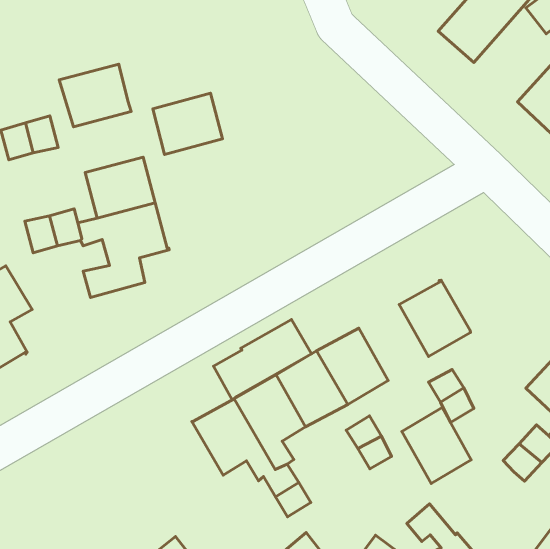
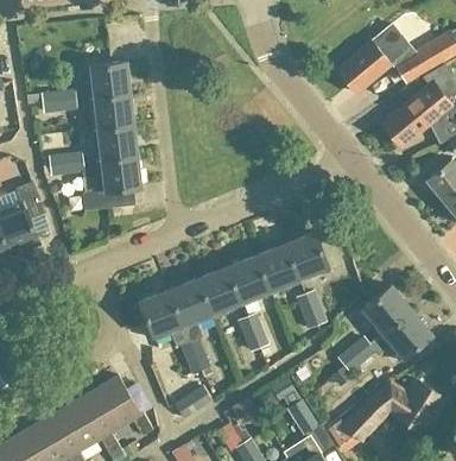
building: [153,93,223,154] -> [89,94,132,130]
building: [214,319,311,400] -> none
building: [402,407,471,484] -> [256,245,299,293]

